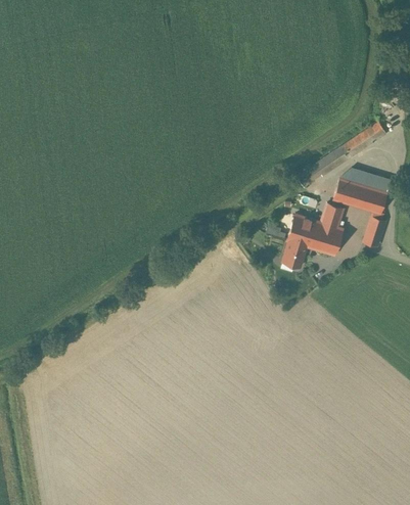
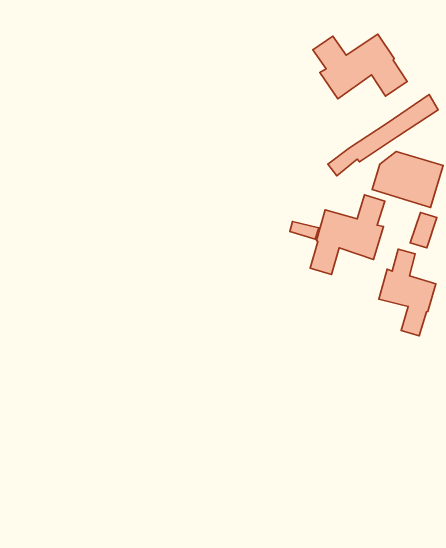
building: none -> [313,34,407,99]
building: none -> [379,249,436,336]

